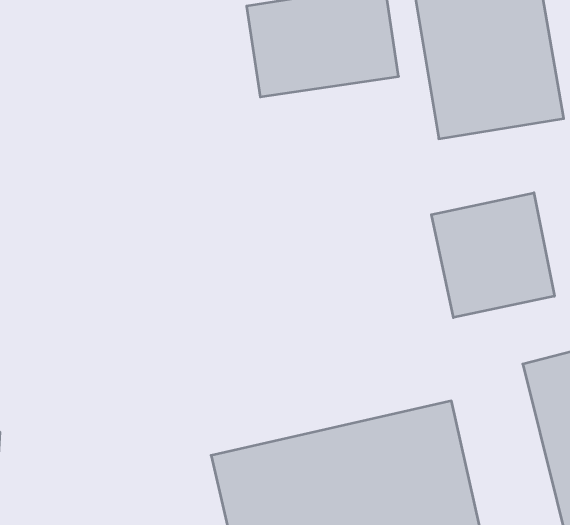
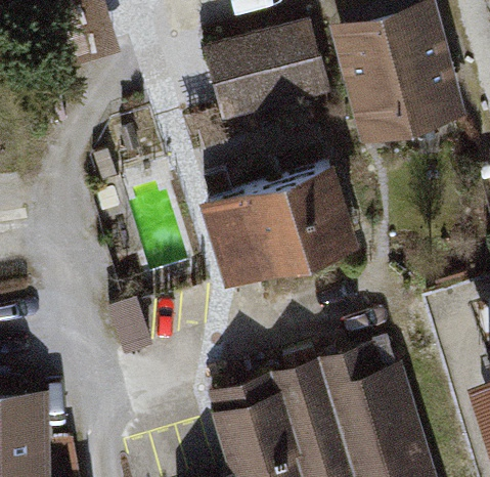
building: none -> [202,166,360,286]
building: [431,193,554,318] -> none

